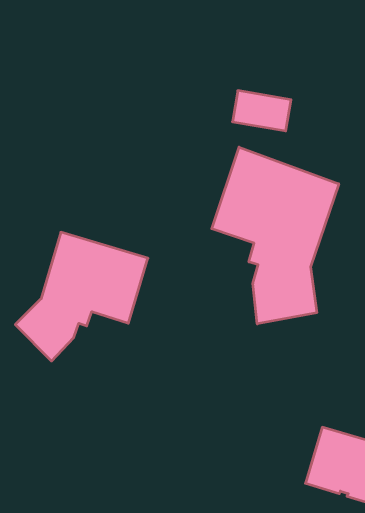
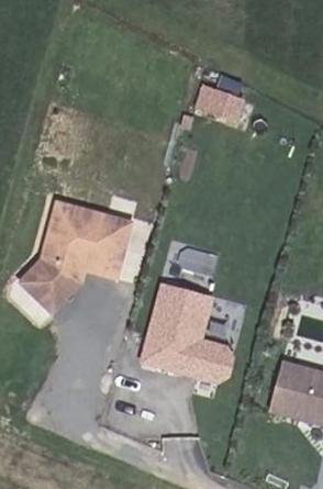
building: [212,147,339,324] -> none
building: none -> [138,285,227,381]

